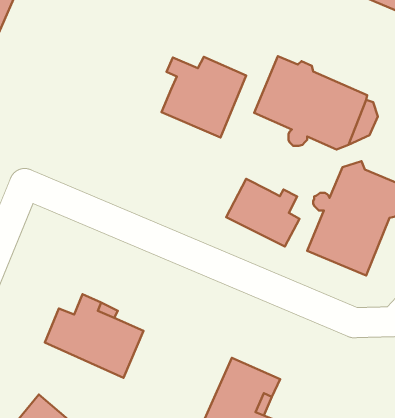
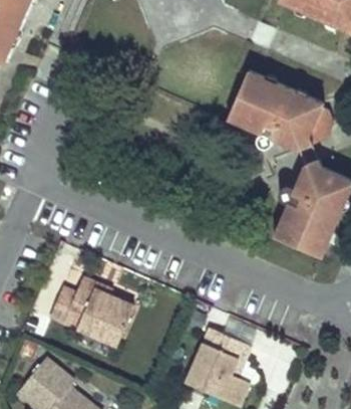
building: [161,57,246,137] -> none
building: [226,179,299,247] -> none

